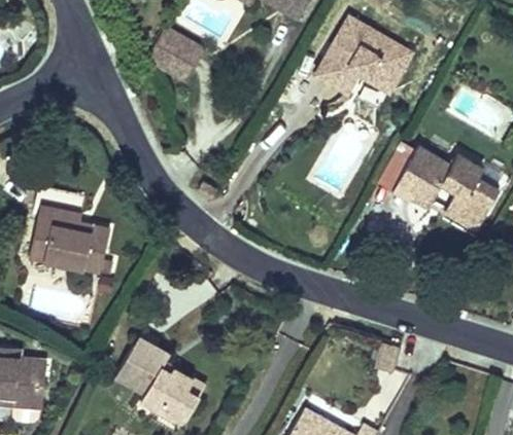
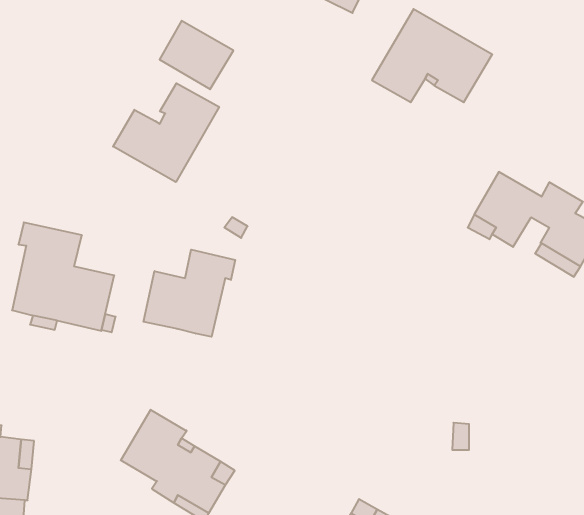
building: none -> [113,83,219,182]
building: none -> [143,250,235,337]

